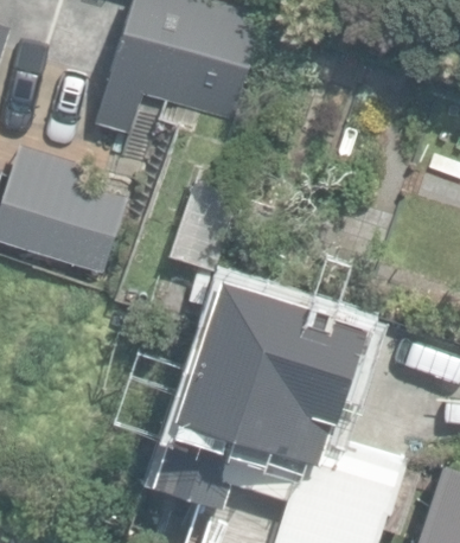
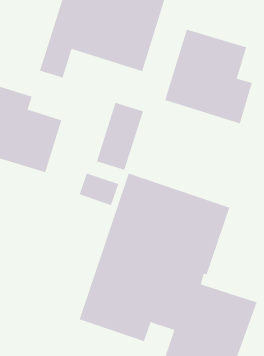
building: none -> [165,29,253,124]

